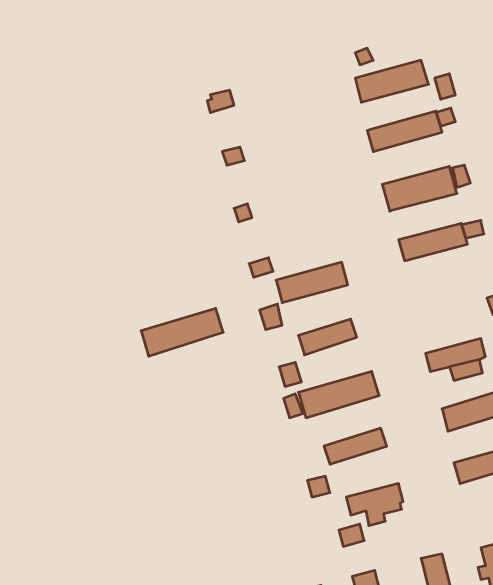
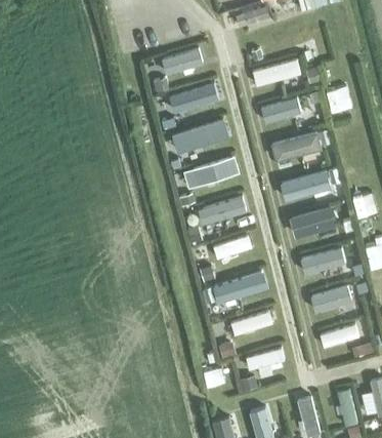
building: none -> [161,48,203,75]
building: none -> [168,83,218,113]
building: none -> [175,119,228,150]
building: none -> [289,205,337,238]
building: [141,308,223,356] -> [182,156,239,189]

